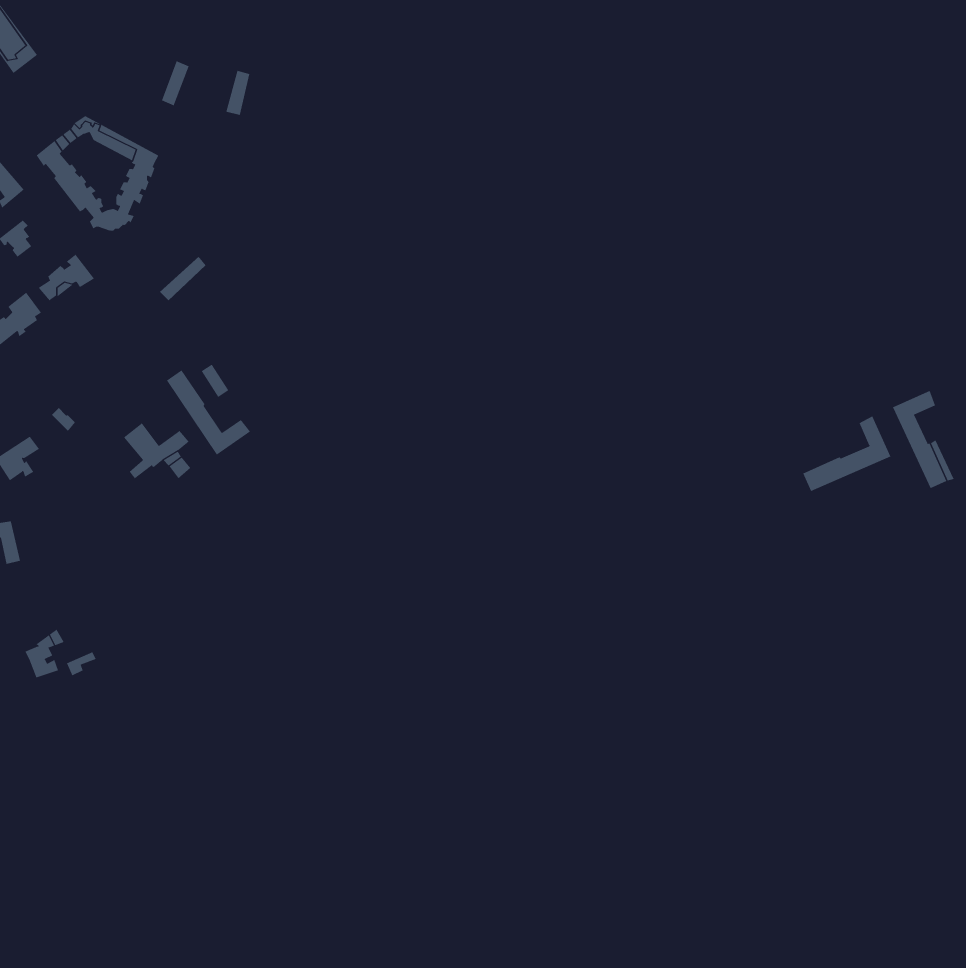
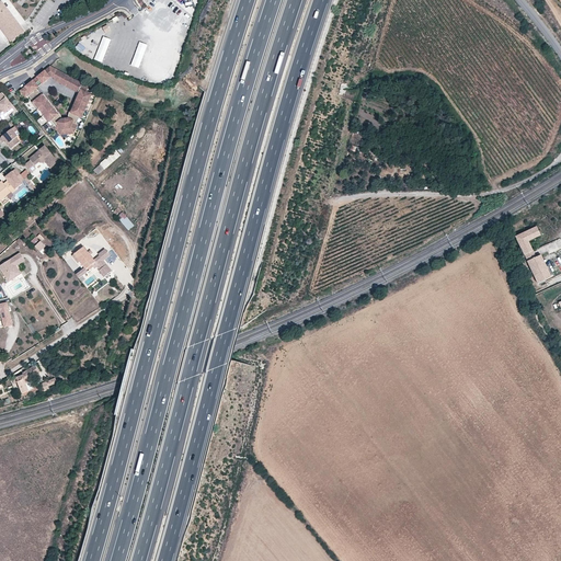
building: [166,370,251,456] -> none
building: [802,415,891,492] -> none

